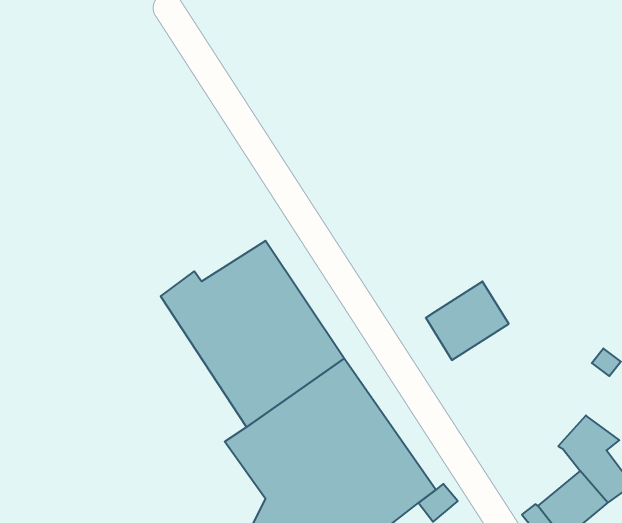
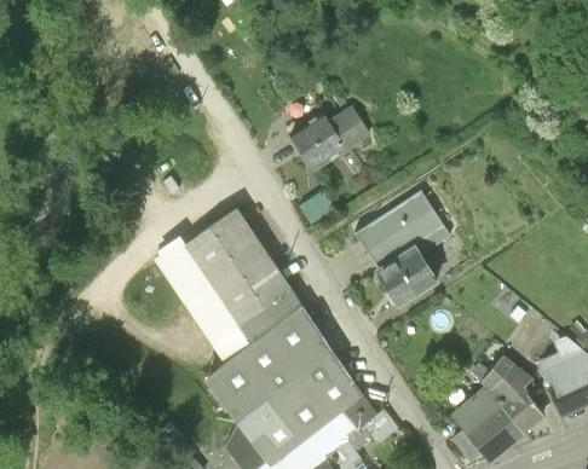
building: none -> [292,106,371,172]
building: none -> [354,196,439,270]
building: none -> [449,383,498,430]

